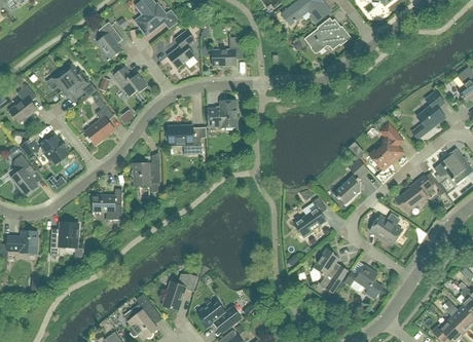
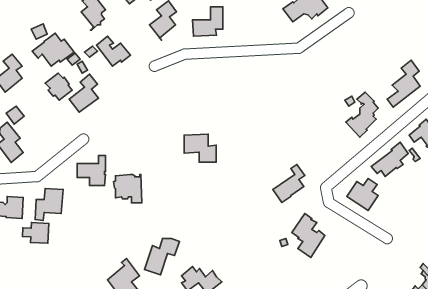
building: [208,100,236,127] -> none
building: [168,125,201,154] -> [184,134,216,162]
building: [40,136,68,163] -> [45,73,72,100]
building: [332,158,368,203] -> none
building: [131,162,159,191] -> [114,175,142,203]
building: none -> [22,223,49,243]
building: [338,264,386,299] -> none

